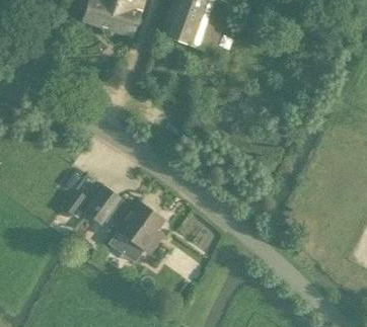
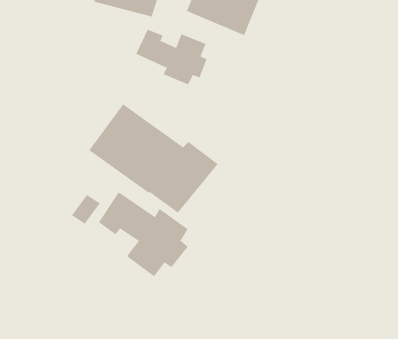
building: none -> [136,29,207,85]
building: none -> [89,103,218,213]

